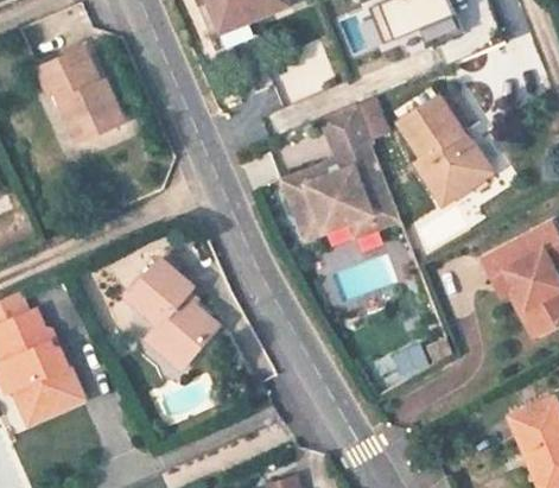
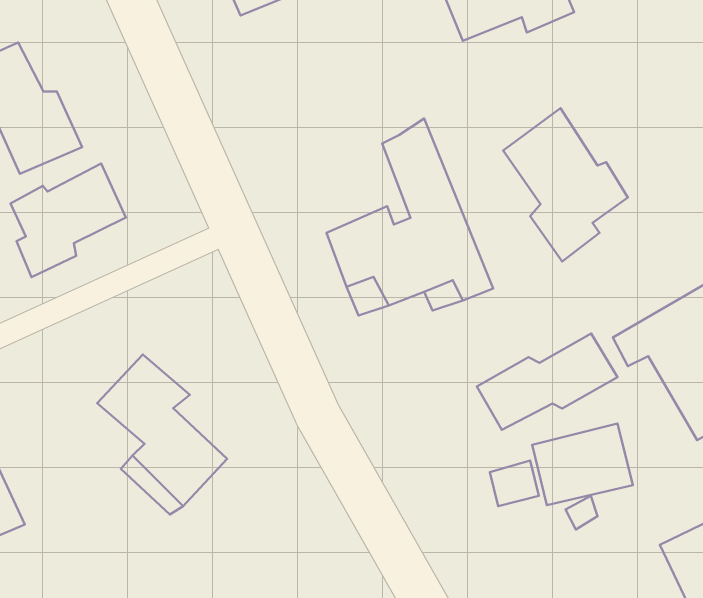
building: none -> [10,163,126,277]
building: none -> [477,333,618,430]
building: none -> [532,423,633,505]

